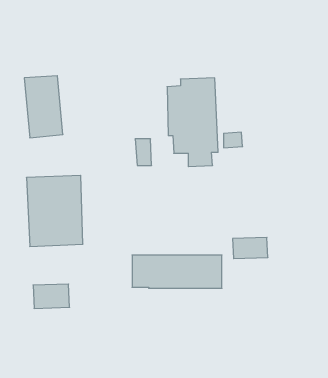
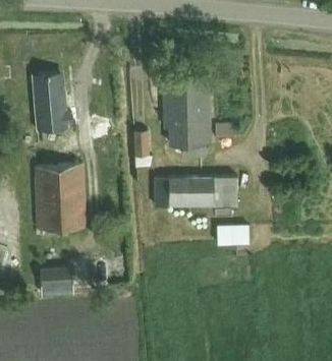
building: [132,255,222,288] -> [154,178,236,208]

